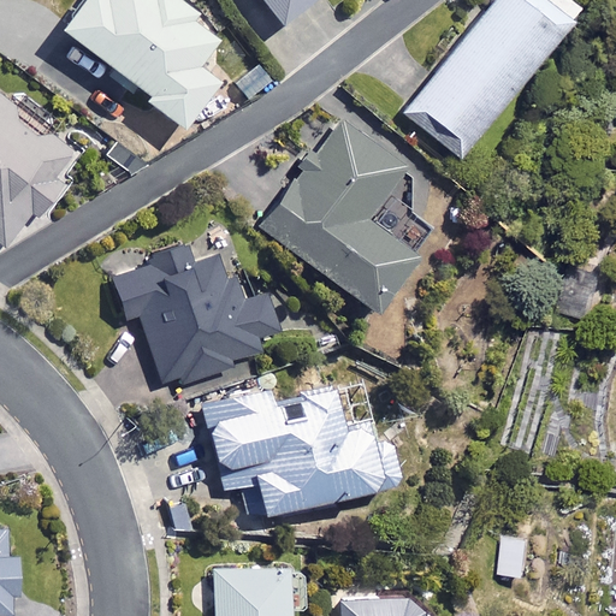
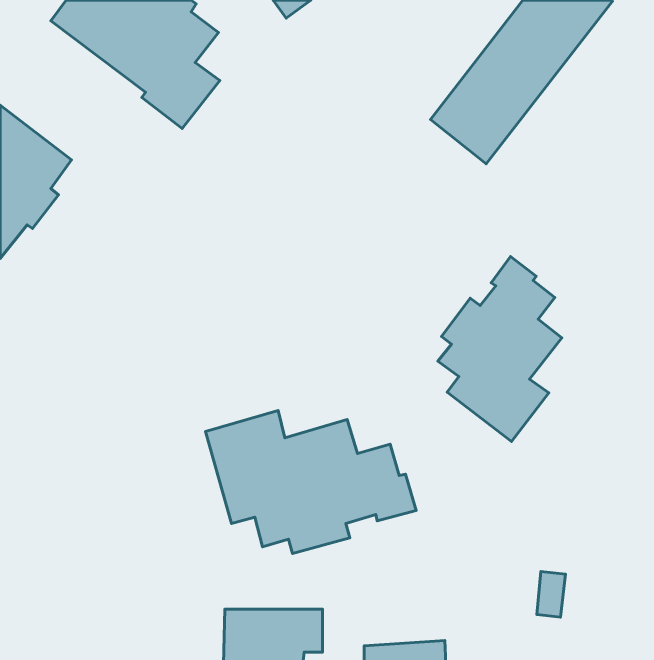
building: [263,119,422,309] -> none
building: none -> [438,257,562,441]
building: [114,243,284,387] -> none

